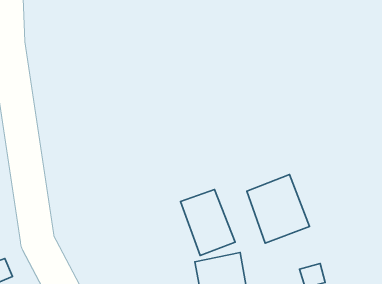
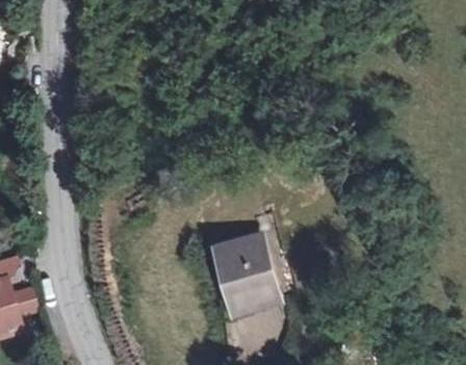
building: [247,174,310,243] -> none

